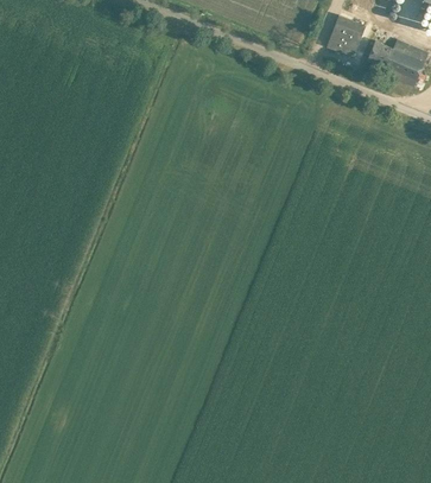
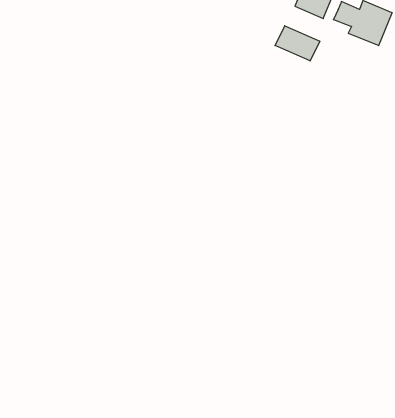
building: none -> [275,26,320,61]

